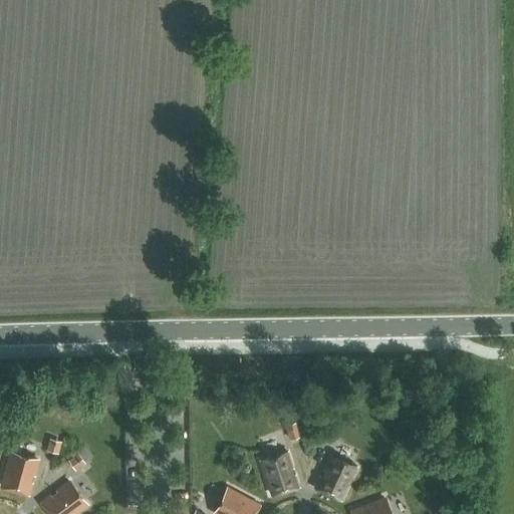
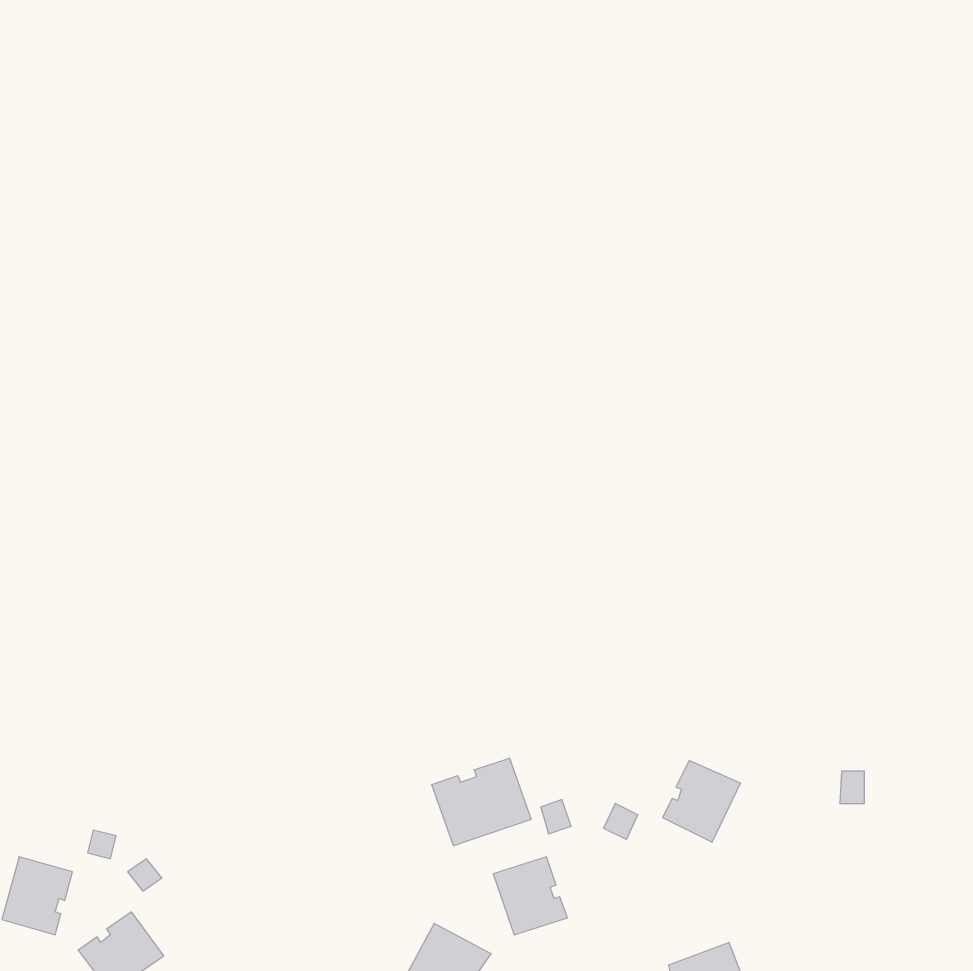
building: none -> [432,758,531,846]
building: [315,456,356,499] -> [663,760,741,842]

